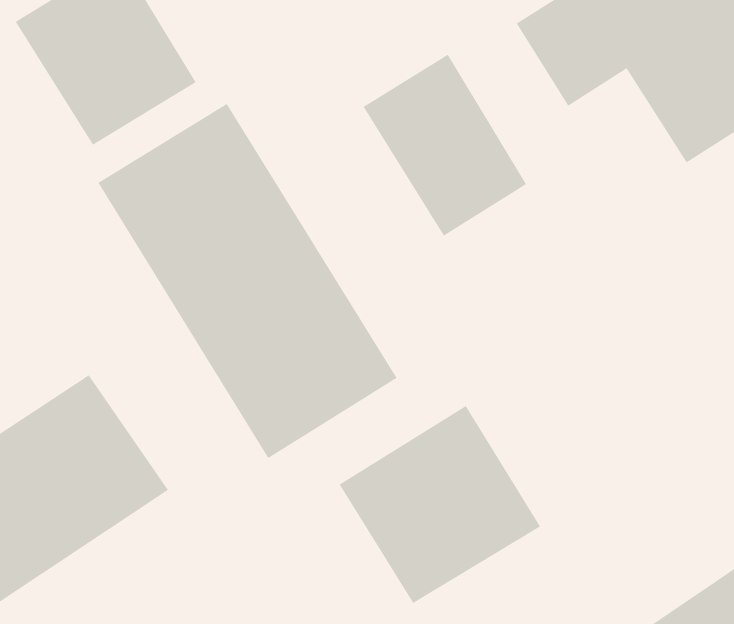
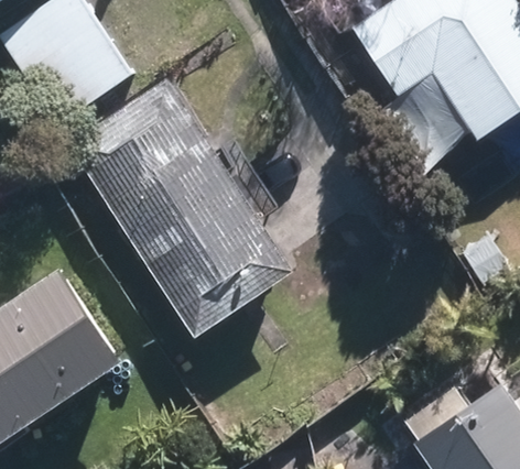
building: [363,54,527,237] -> none
building: [339,405,541,604] -> none

